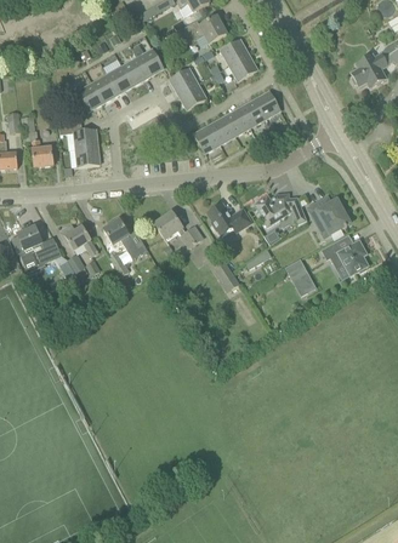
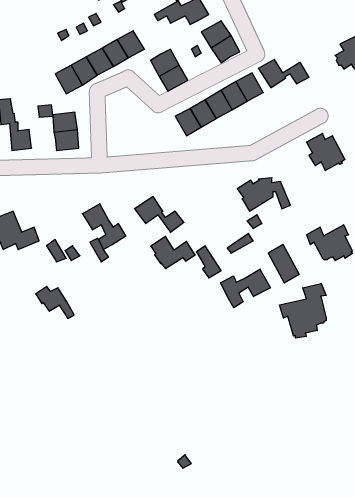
building: none -> [259,59,309,88]
building: [312,196,349,233] -> [306,133,345,170]
building: [207,202,251,234] -> [151,236,195,269]
building: [61,224,98,256] -> [36,286,74,319]
building: none -> [221,269,270,308]
building: none -> [280,283,326,338]

